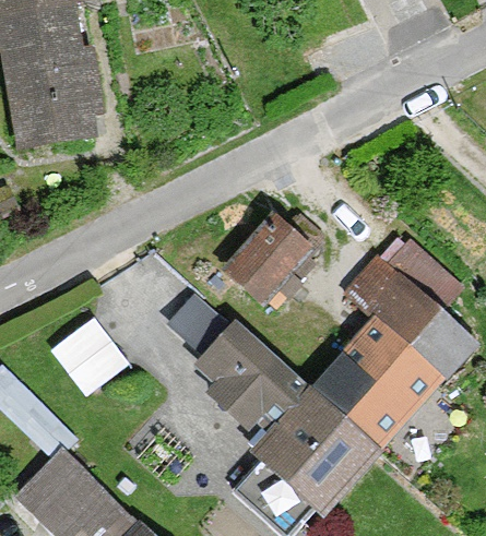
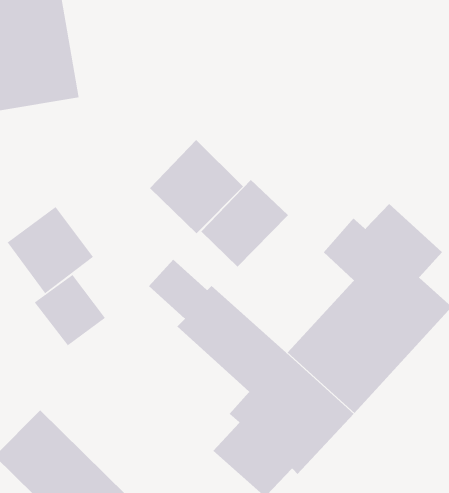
building: none -> [149,139,244,234]
building: none -> [7,206,94,294]

